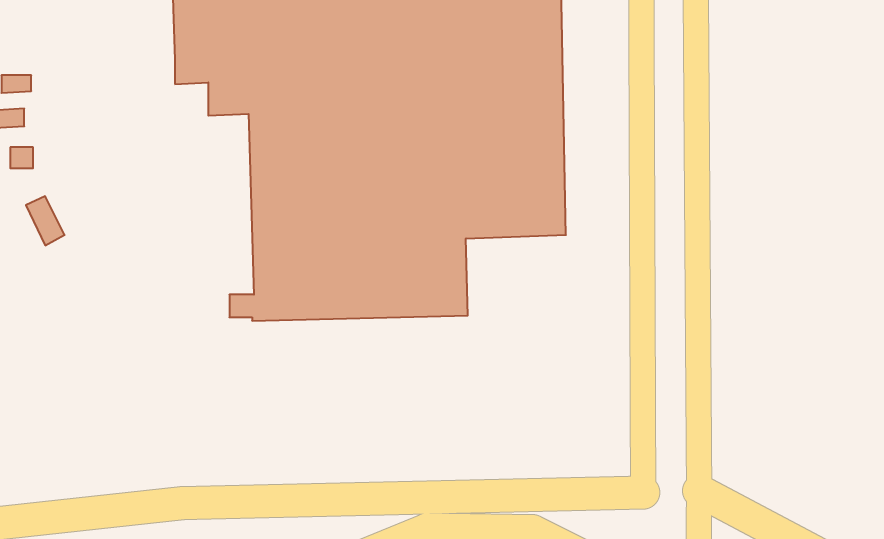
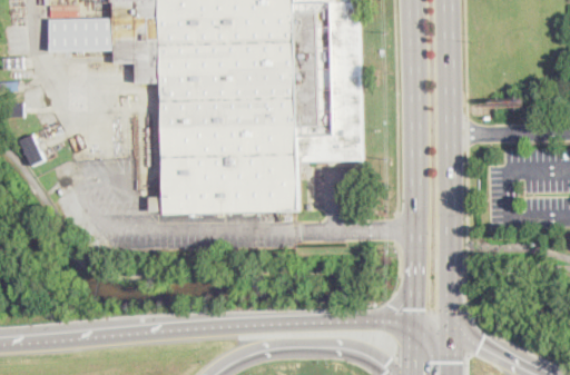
building: none -> [46,16,111,50]

